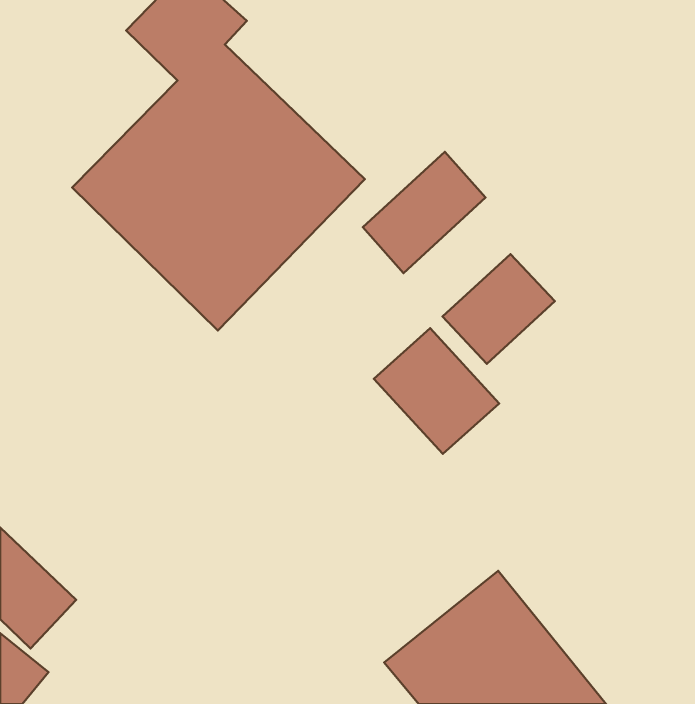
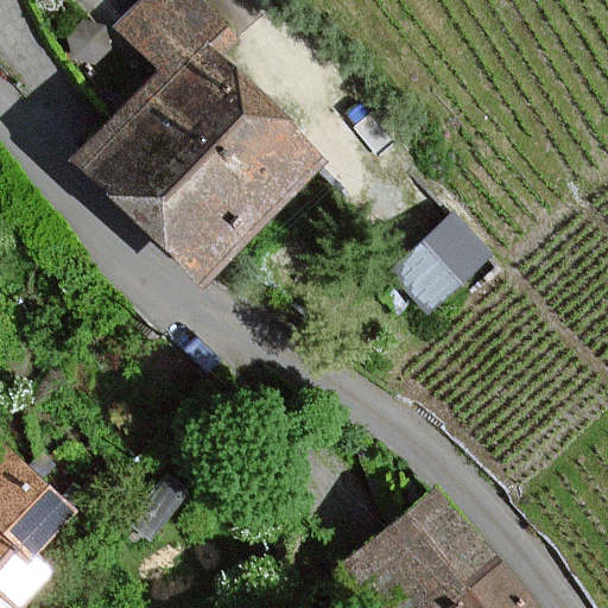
building: [363,152,486,273] -> none
building: [374,328,499,454] -> none

